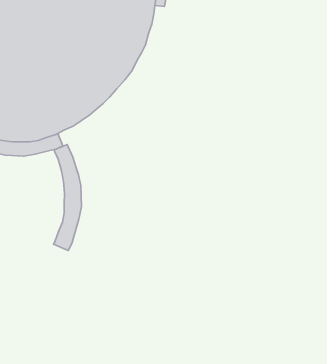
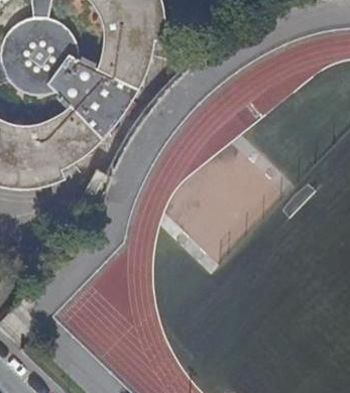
building: [53,144,81,250] -> none

